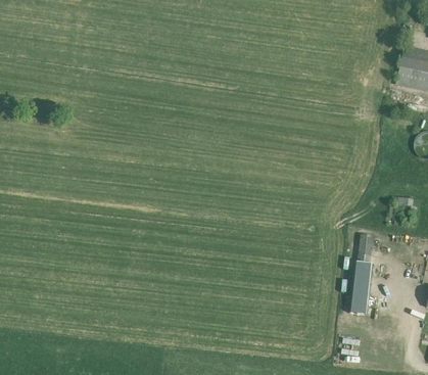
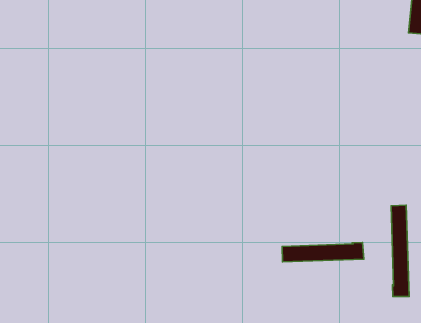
building: none -> [282,242,364,262]

